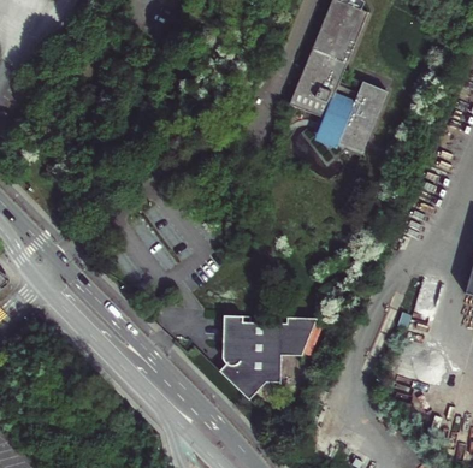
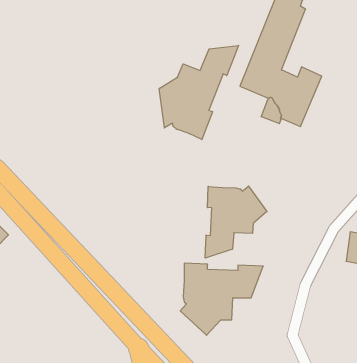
building: none -> [159,45,239,140]
building: none -> [205,186,267,258]

